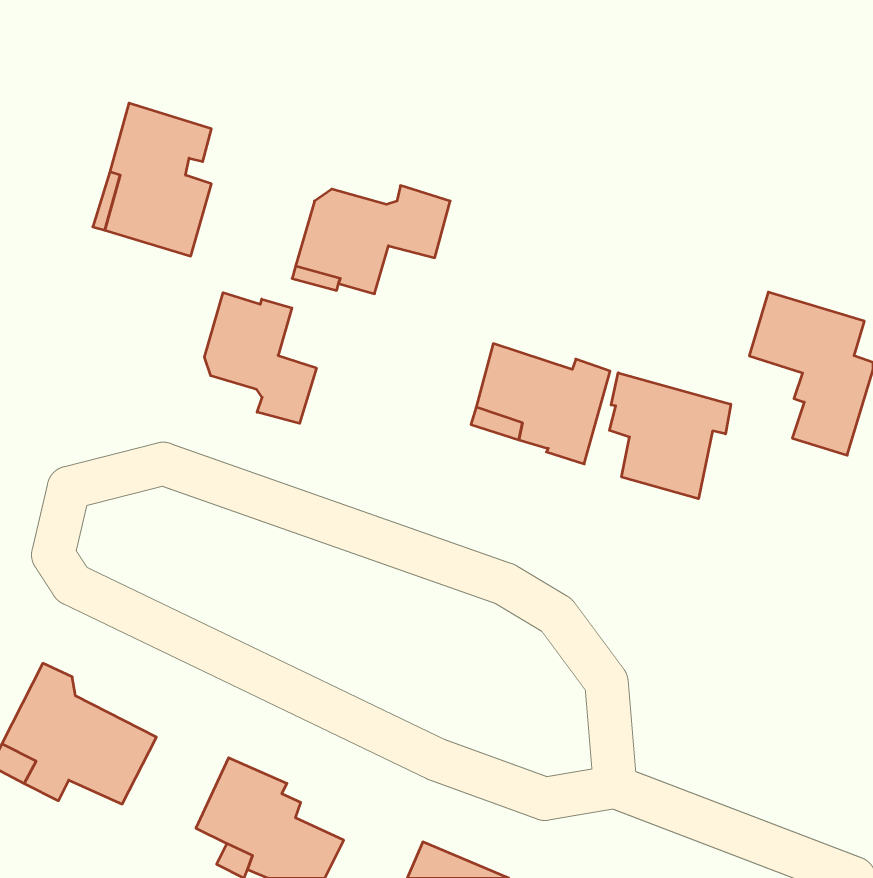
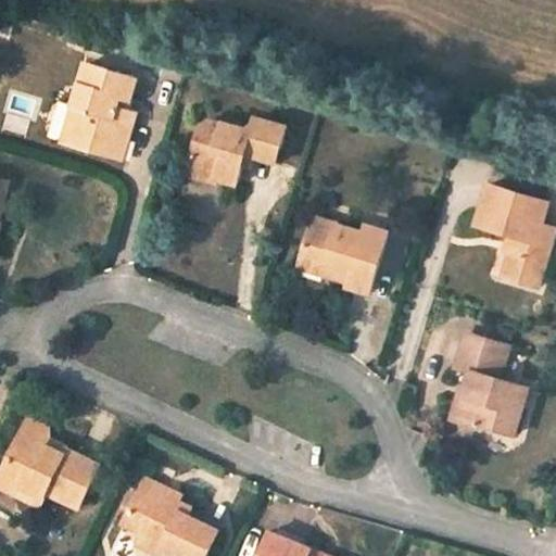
building: [205,293,316,423] -> none
building: [609,373,731,499] -> none
building: none -> [447,333,526,435]

